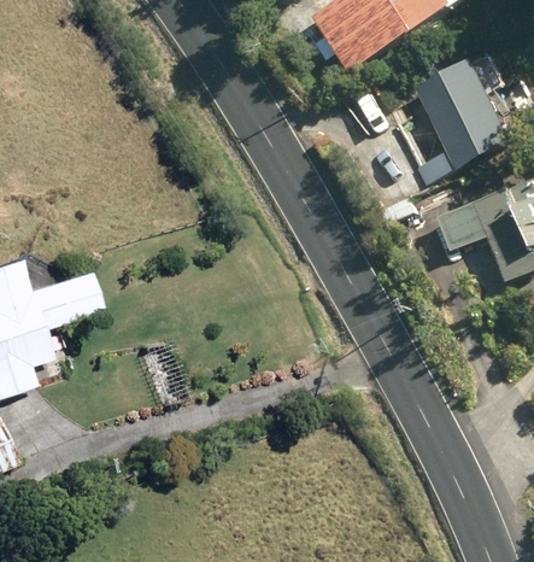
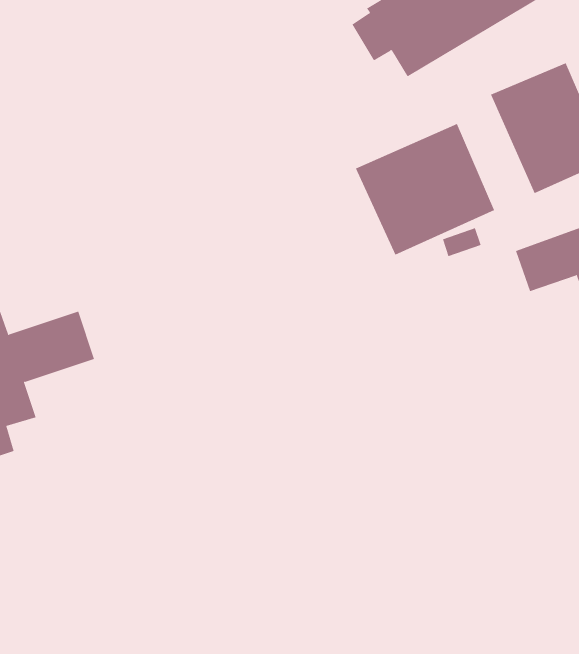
building: none -> [355,123,495,256]

